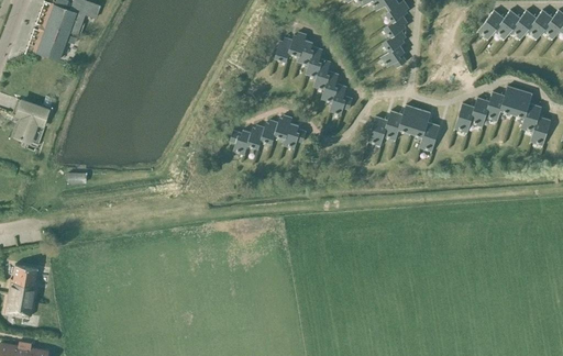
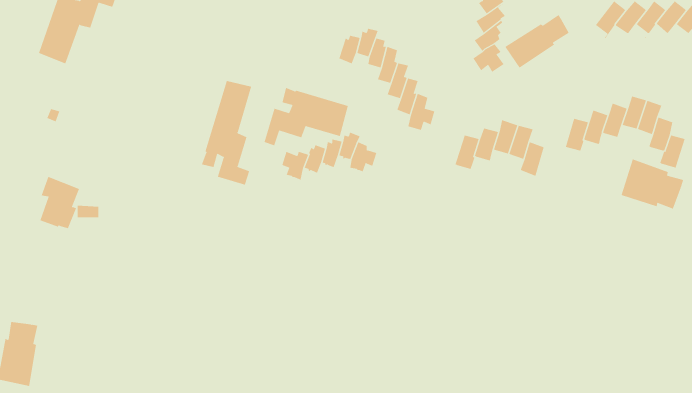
building: none -> [504,14,569,69]
building: none -> [201,80,252,186]
building: none -> [264,87,348,146]
building: [14,100,46,142] -> [40,176,80,229]
building: none -> [621,159,684,210]

